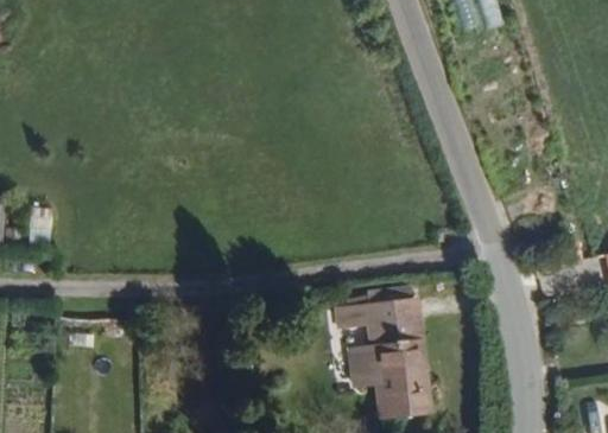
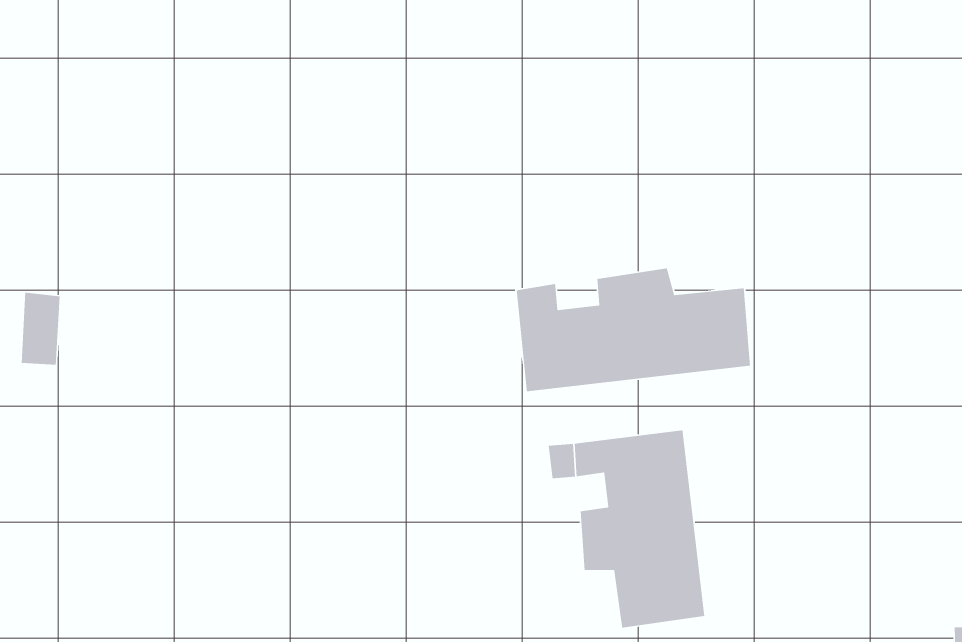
building: none -> [516,267,751,392]

